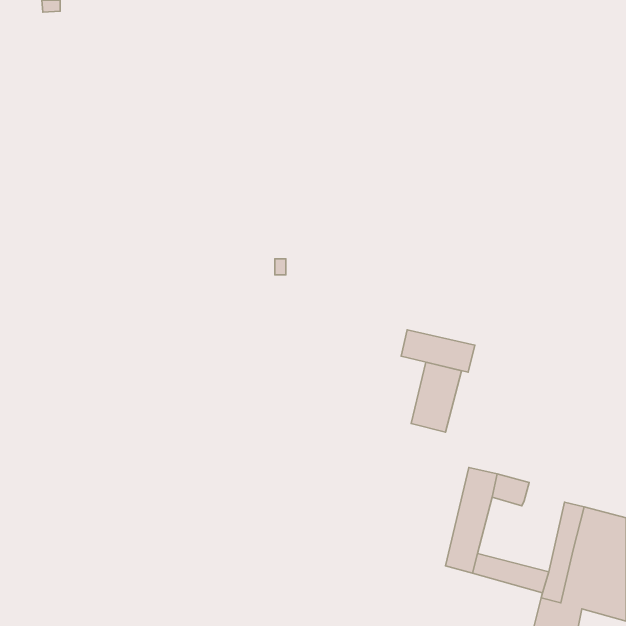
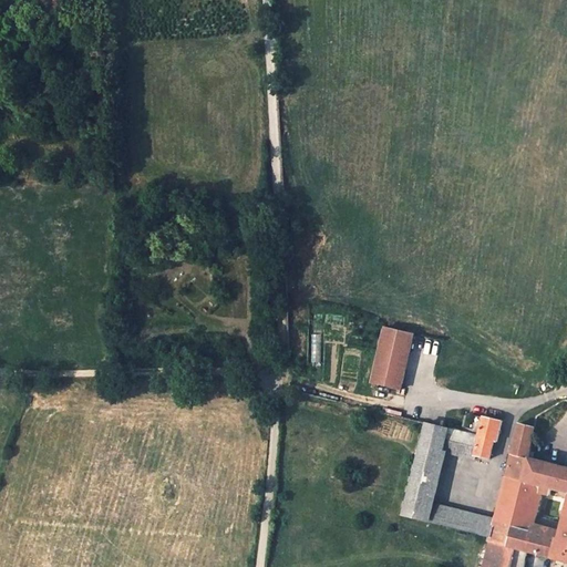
building: [401,330,475,372] -> none
building: none -> [473,416,499,457]
building: none -> [509,423,532,458]

